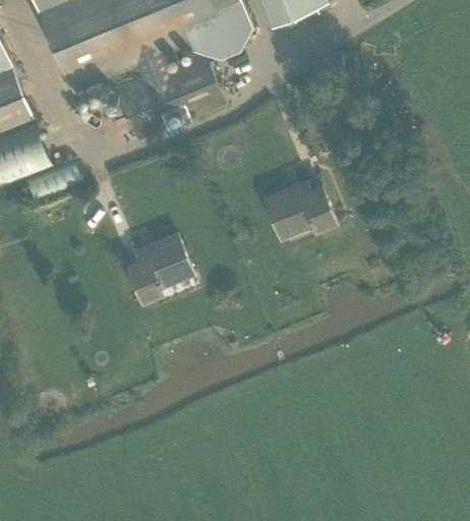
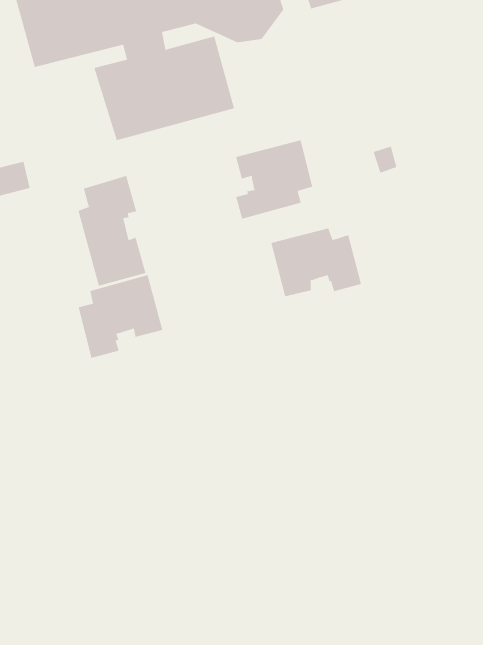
building: none -> [235,139,313,219]
building: none -> [78,175,146,287]

